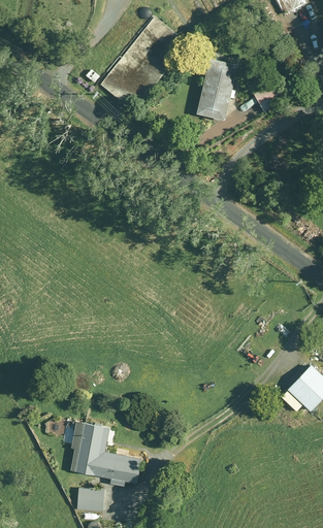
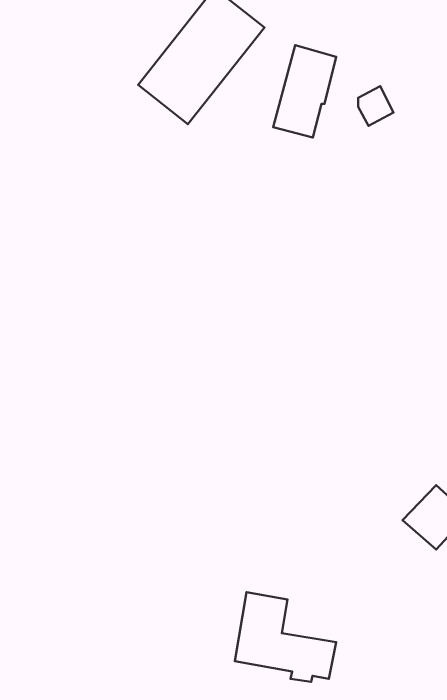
building: [69,422,140,485] -> [235,592,336,682]
building: [75,488,102,509] -> none

